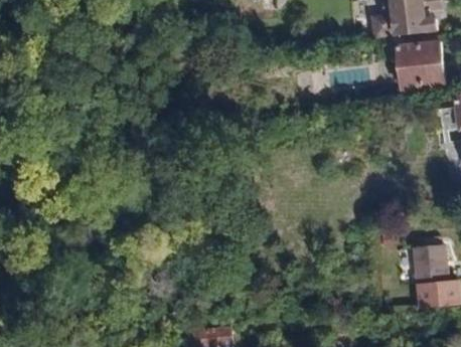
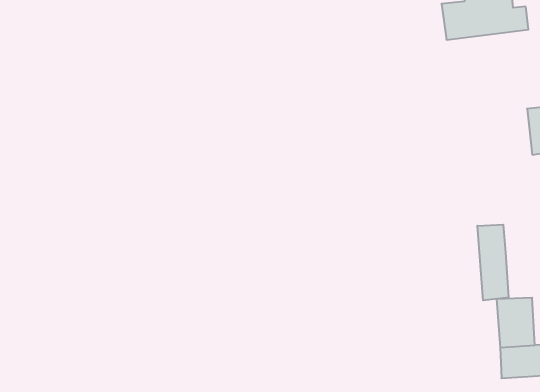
building: [367,40,442,86] -> none
building: none -> [477,225,509,300]

